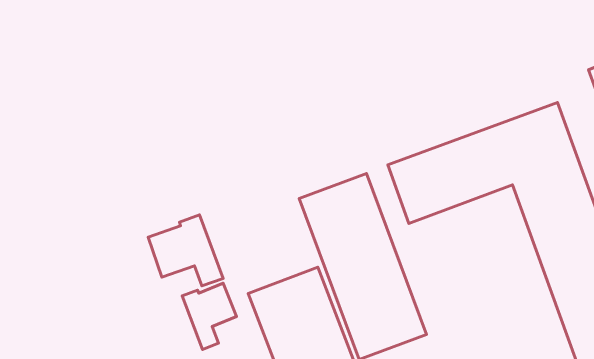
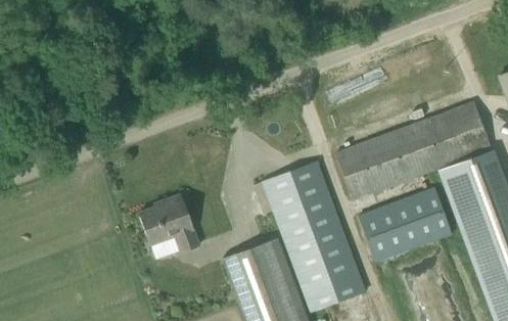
building: none -> [359,189,453,262]
building: [182,283,236,350] -> none

